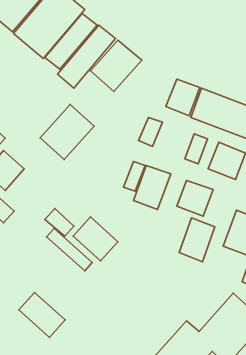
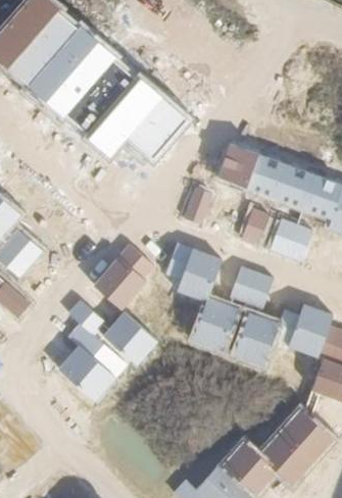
building: [40,105,94,159] -> [92,243,158,310]
building: none -> [193,297,237,350]
building: [19,293,65,337] -> [58,346,115,401]

